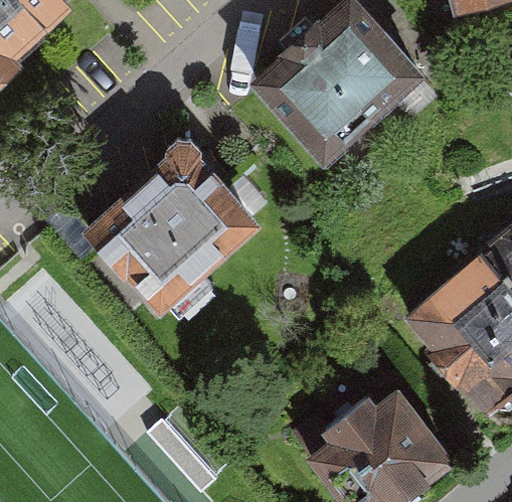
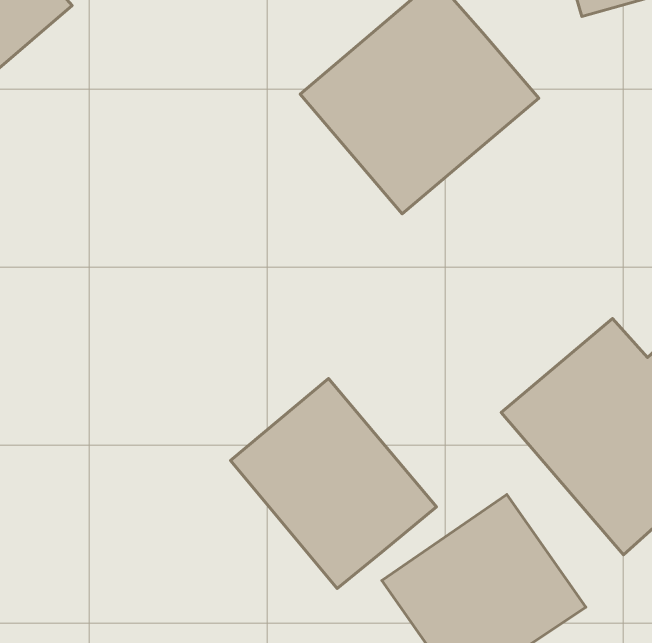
building: [71,138,259,321] -> none
building: none -> [230,379,437,588]

